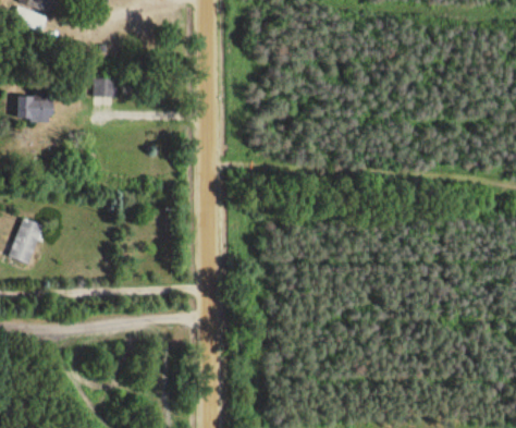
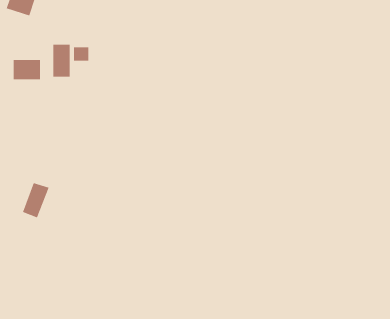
building: none -> [53,44,70,78]
building: [9,218,44,264] -> [22,182,49,218]

